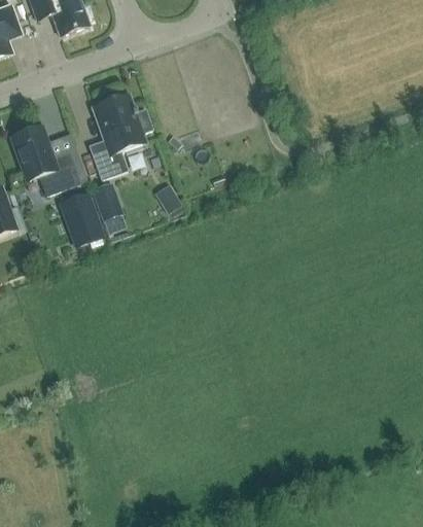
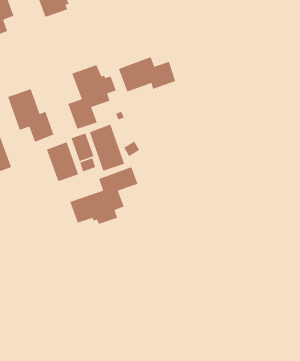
building: none -> [118,56,176,92]
building: none -> [89,123,125,172]
building: none -> [69,166,139,225]

